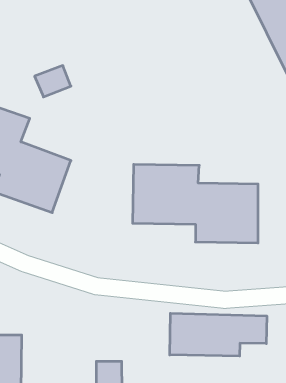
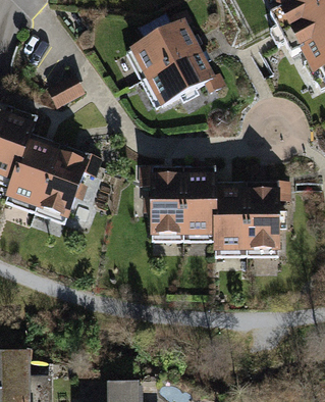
building: none -> [129,22,216,111]
building: [170,313,267,356] -> none

